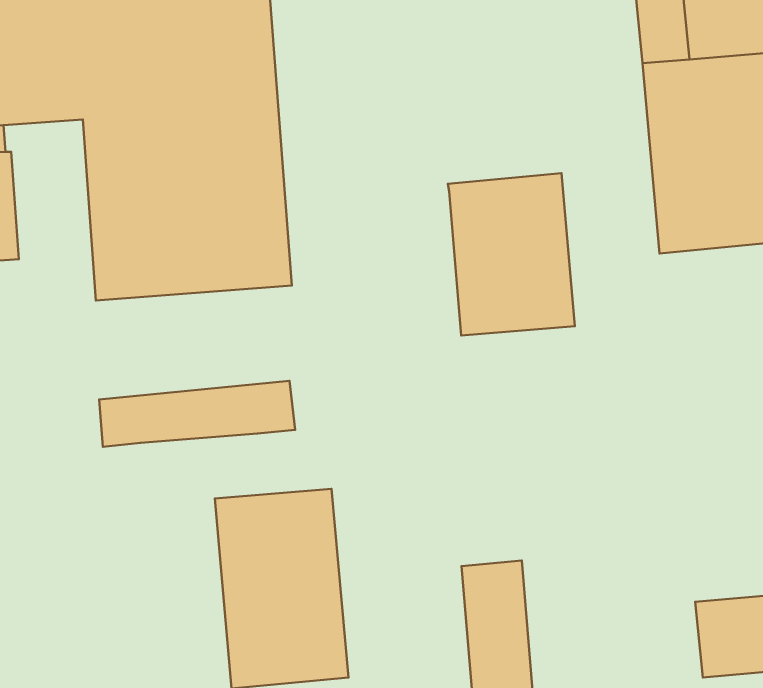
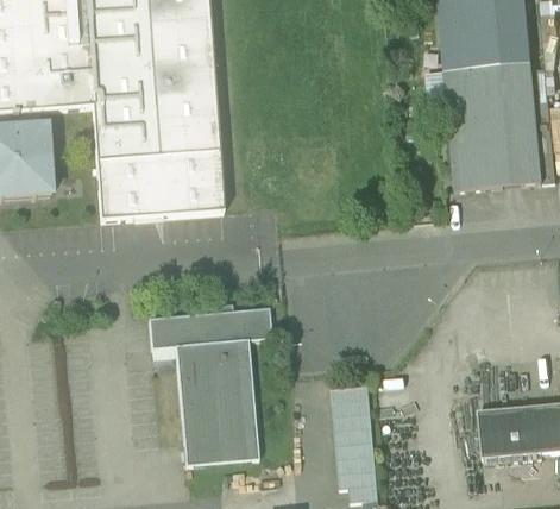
building: [448,173,575,336] -> none
building: [99,381,295,447] -> [149,306,272,347]

